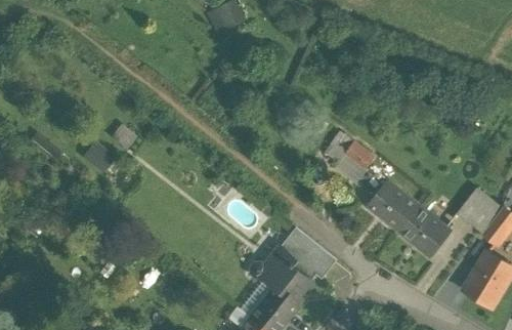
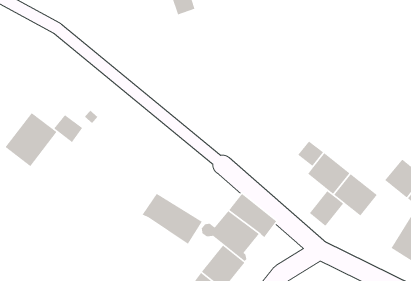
building: [324,133,374,170] -> none
building: none -> [5,112,57,167]
building: none -> [309,190,344,227]
building: none -> [142,193,203,245]

